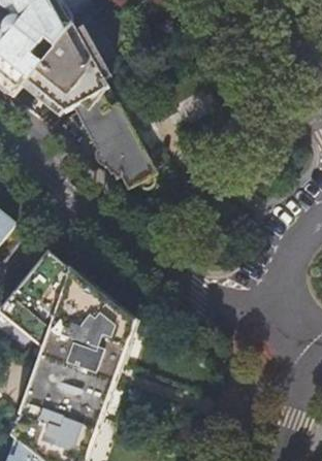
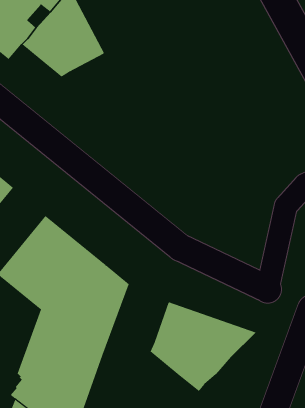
building: [72,89,155,187] -> none
building: none -> [150,301,257,392]

